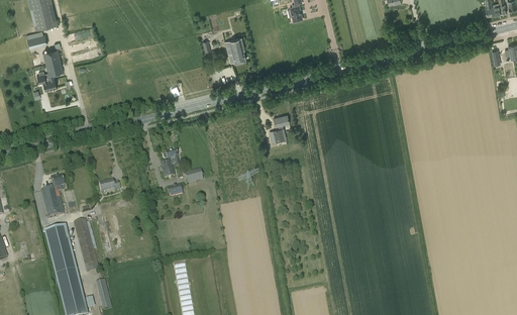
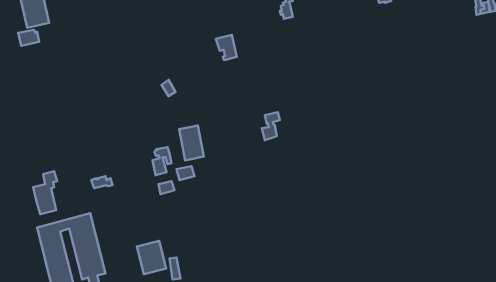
building: [36,42,63,91] -> none
building: none -> [179,126,204,160]
building: none -> [137,241,166,274]

